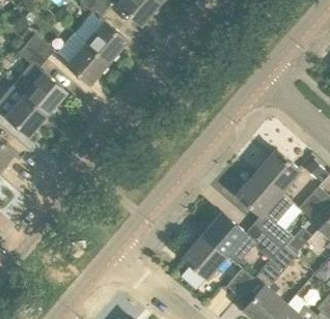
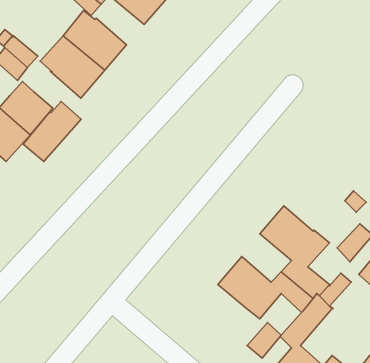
building: none -> [23,101,81,162]
building: [255,150,299,194] -> none
building: [182,237,226,280] -> none

